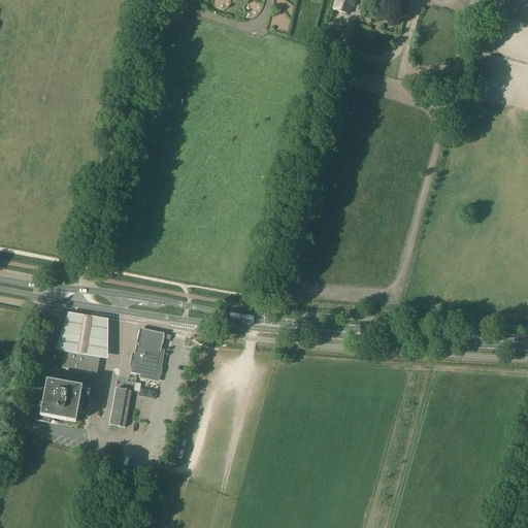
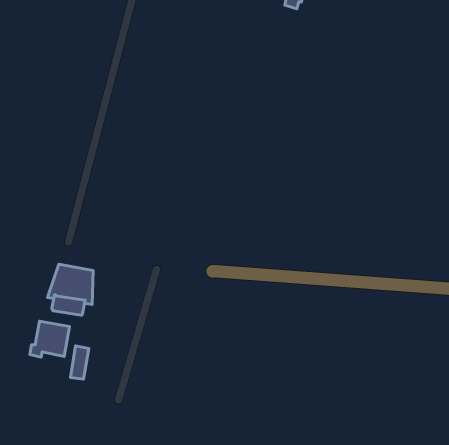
building: [130,328,164,376] -> none
building: [109,385,131,424] -> [70,346,89,379]

